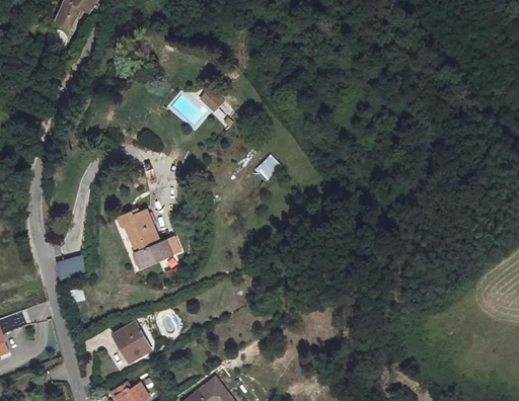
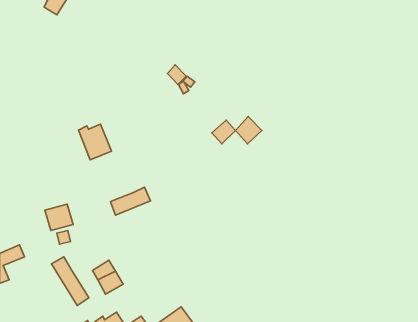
building: none -> [236,116,262,144]
building: [121,209,160,251] -> [78,124,112,160]
building: none -> [51,257,89,306]

